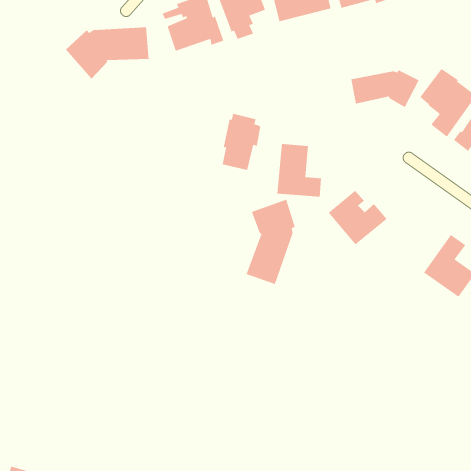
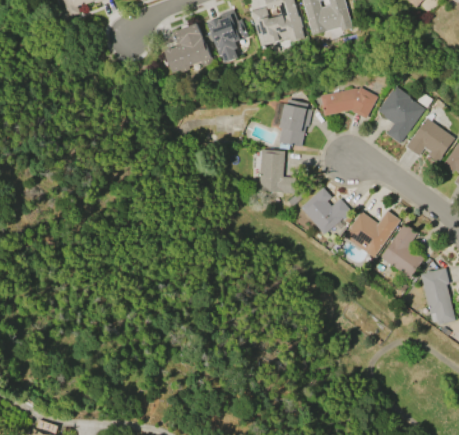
building: [65,27,149,79] -> none
building: [222,113,261,170] -> [279,99,312,147]
building: [246,199,295,285] -> none
building: none -> [344,210,401,257]

